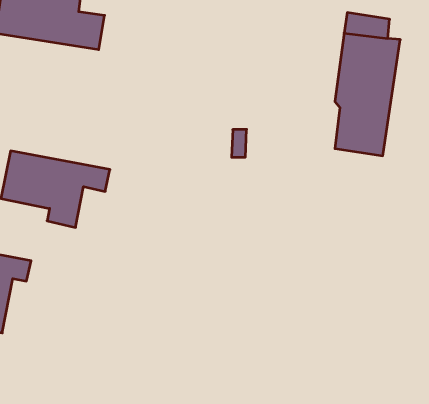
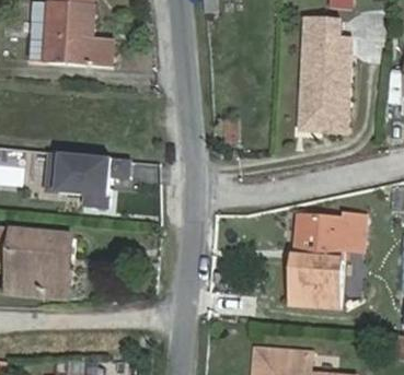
building: none -> [291,213,363,307]

